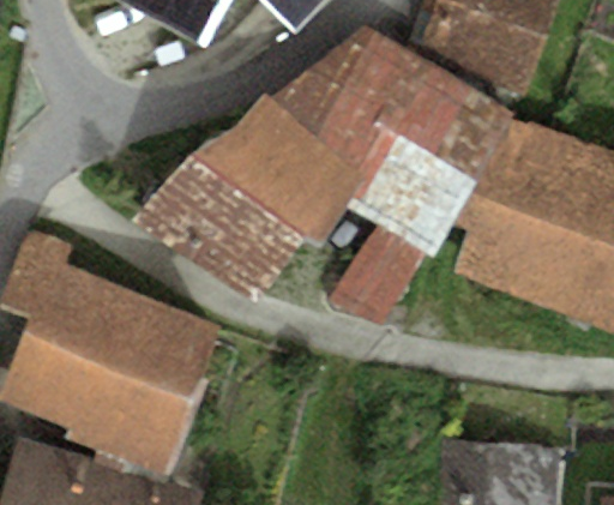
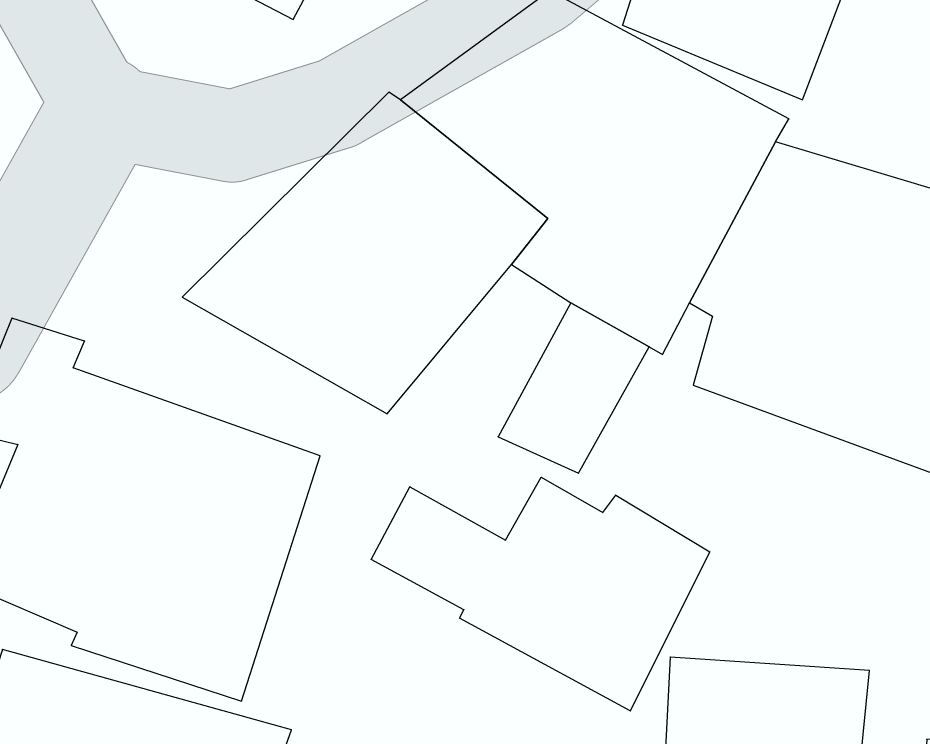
building: none -> [371,477,710,711]

